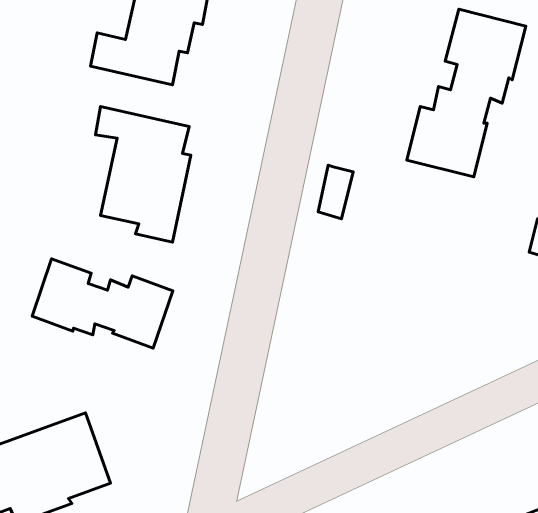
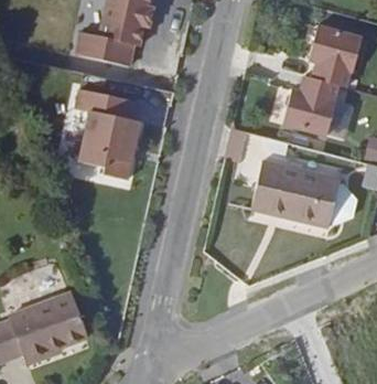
building: none -> [250,159,340,226]
building: [32,259,173,348] -> none

